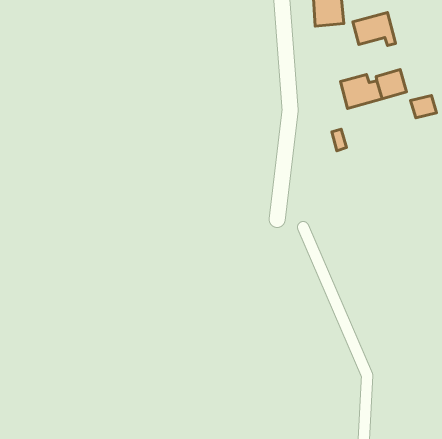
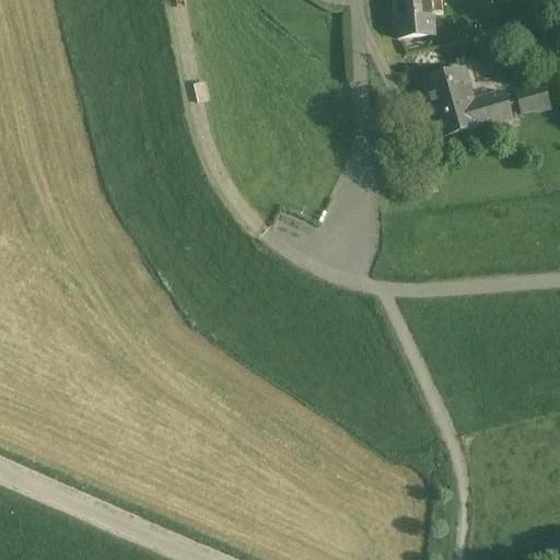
building: [353,12,395,45] -> [423,62,477,104]
building: [411,95,437,118] -> [517,81,550,109]

